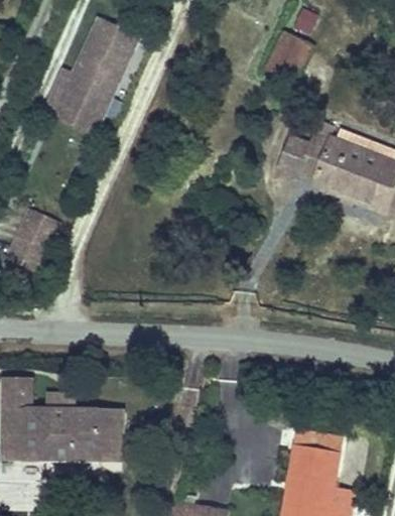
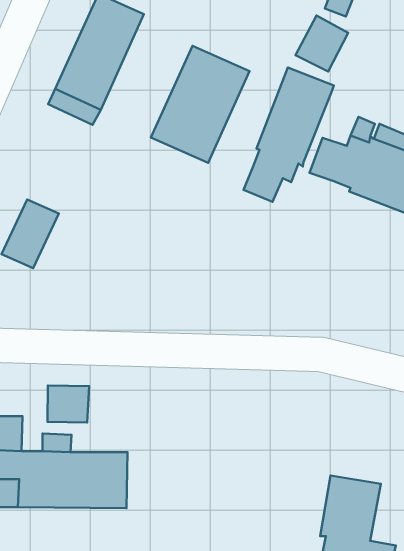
building: none -> [151,46,250,163]
building: none -> [244,68,334,202]
building: none -> [47,386,89,422]

